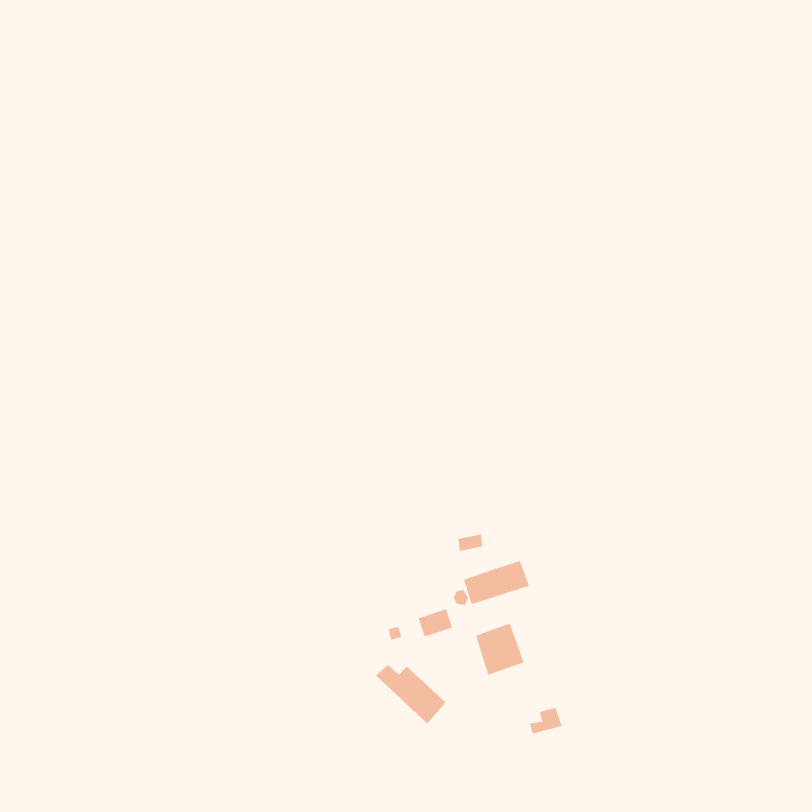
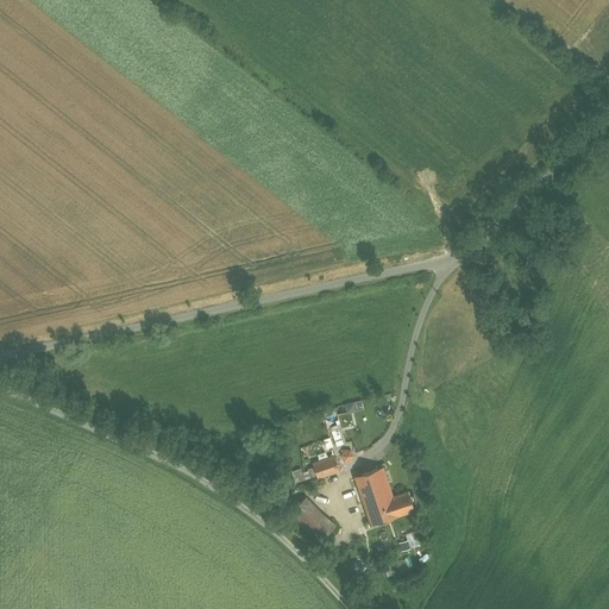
building: [463,560,530,605] -> [365,491,415,525]

